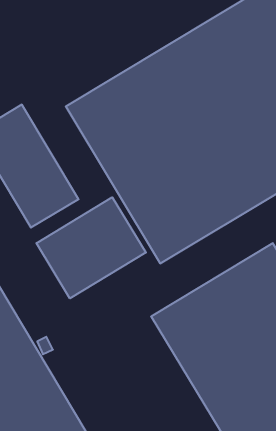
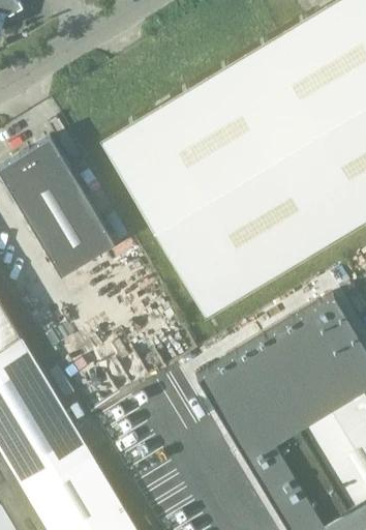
building: [36,197,146,298] -> none

